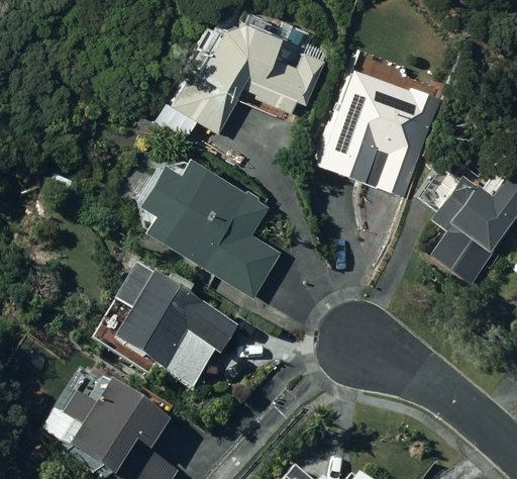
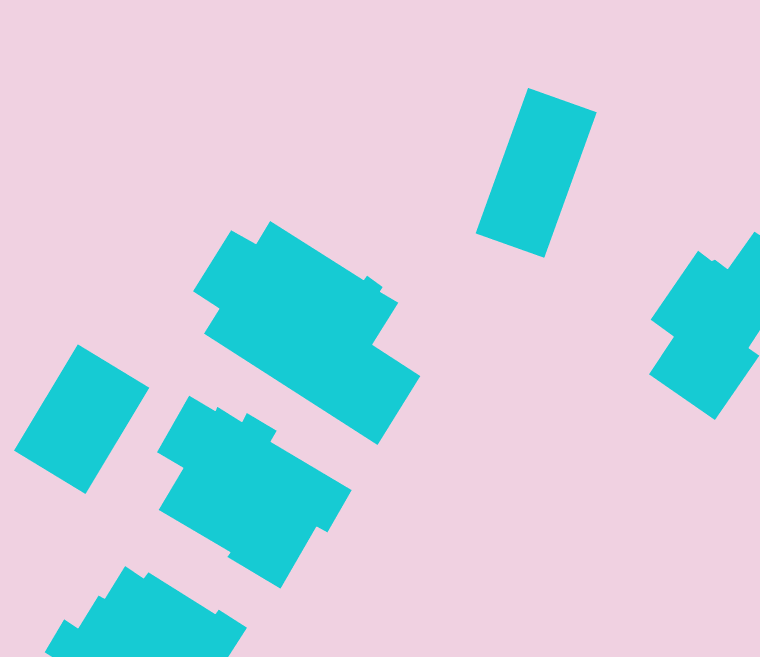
building: [170,20,322,134] -> none
building: [360,83,441,196] -> none
building: none -> [13,343,151,495]

